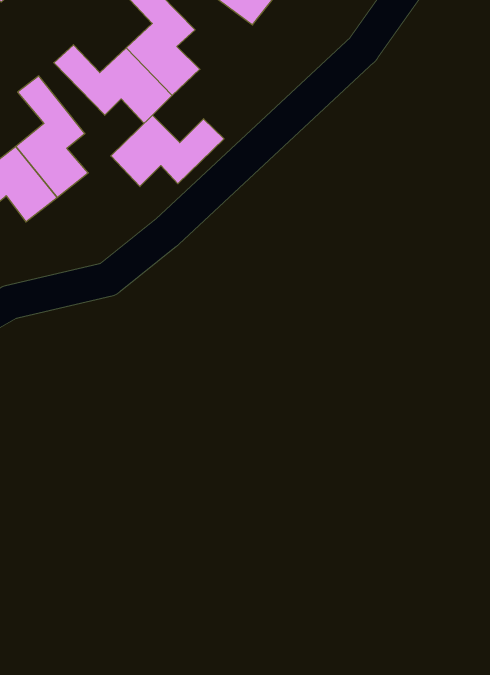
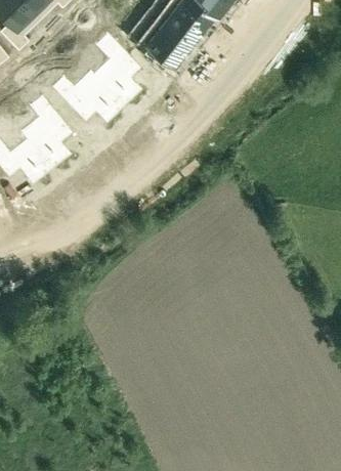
building: [111,115,224,187] -> none

